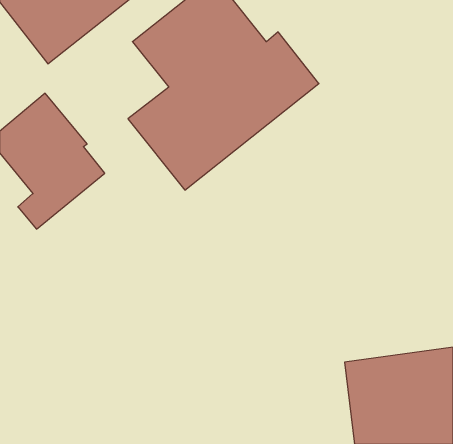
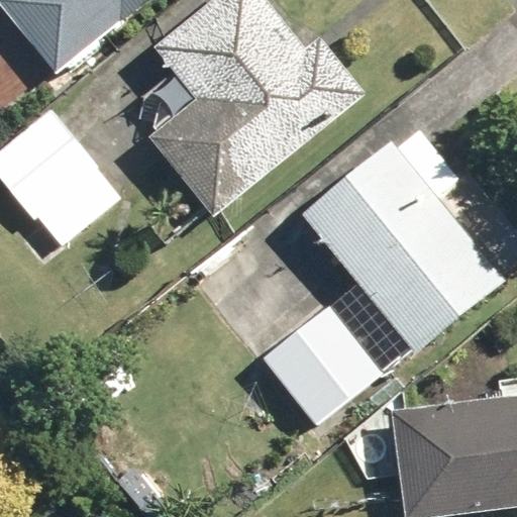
building: none -> [306,147,509,358]
building: none -> [268,303,383,418]

